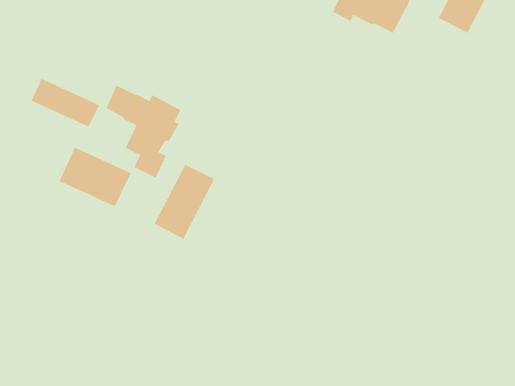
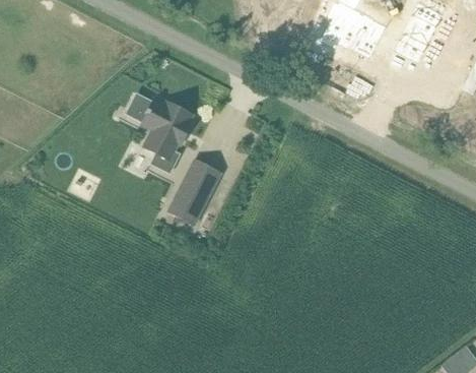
building: [31,78,100,127] -> none
building: [59,146,132,207] -> none

